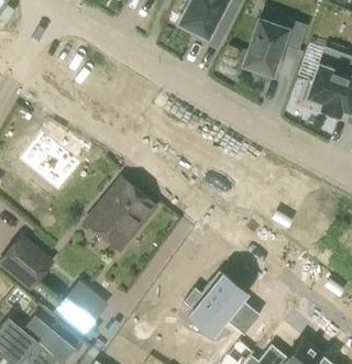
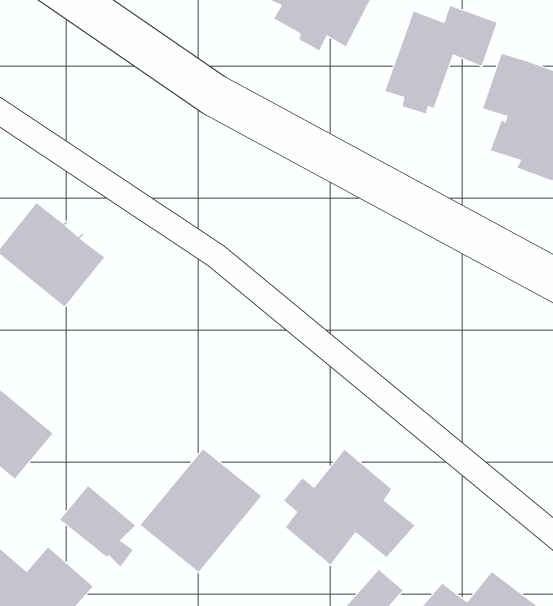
building: [86,178,156,250] -> [140,448,262,573]

